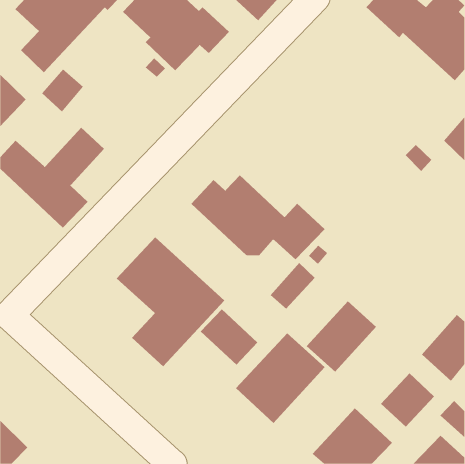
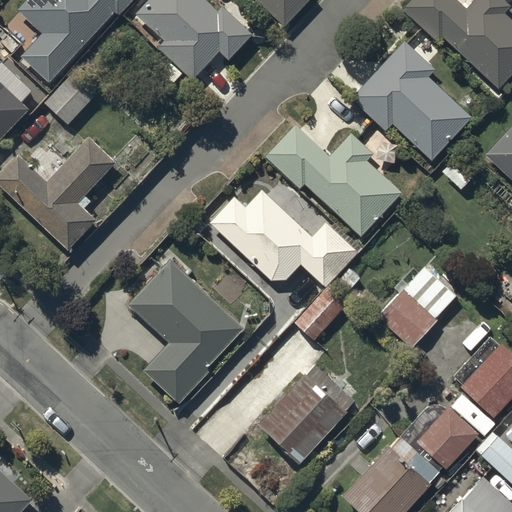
building: none -> [349,38,470,159]
building: none -> [266,124,402,236]
building: [306,300,377,373] -> [378,267,456,346]
building: [200,309,258,366] -> none

